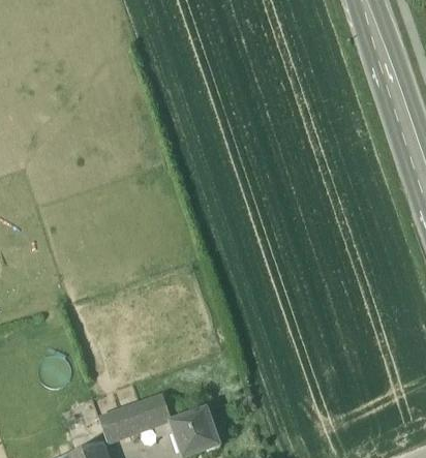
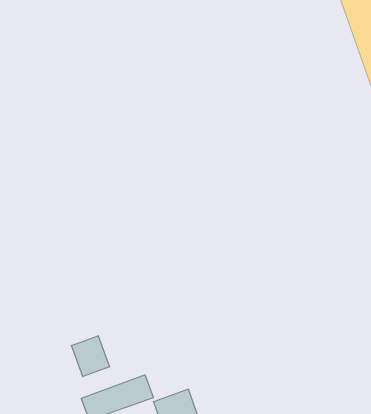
building: none -> [71,336,110,377]

